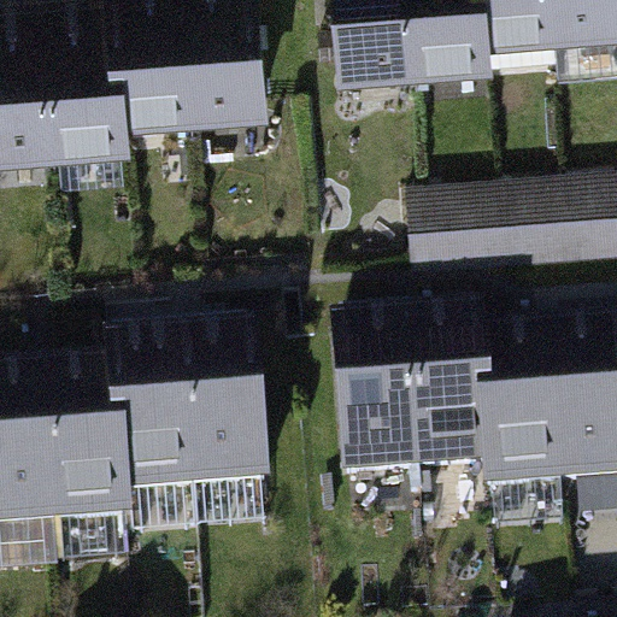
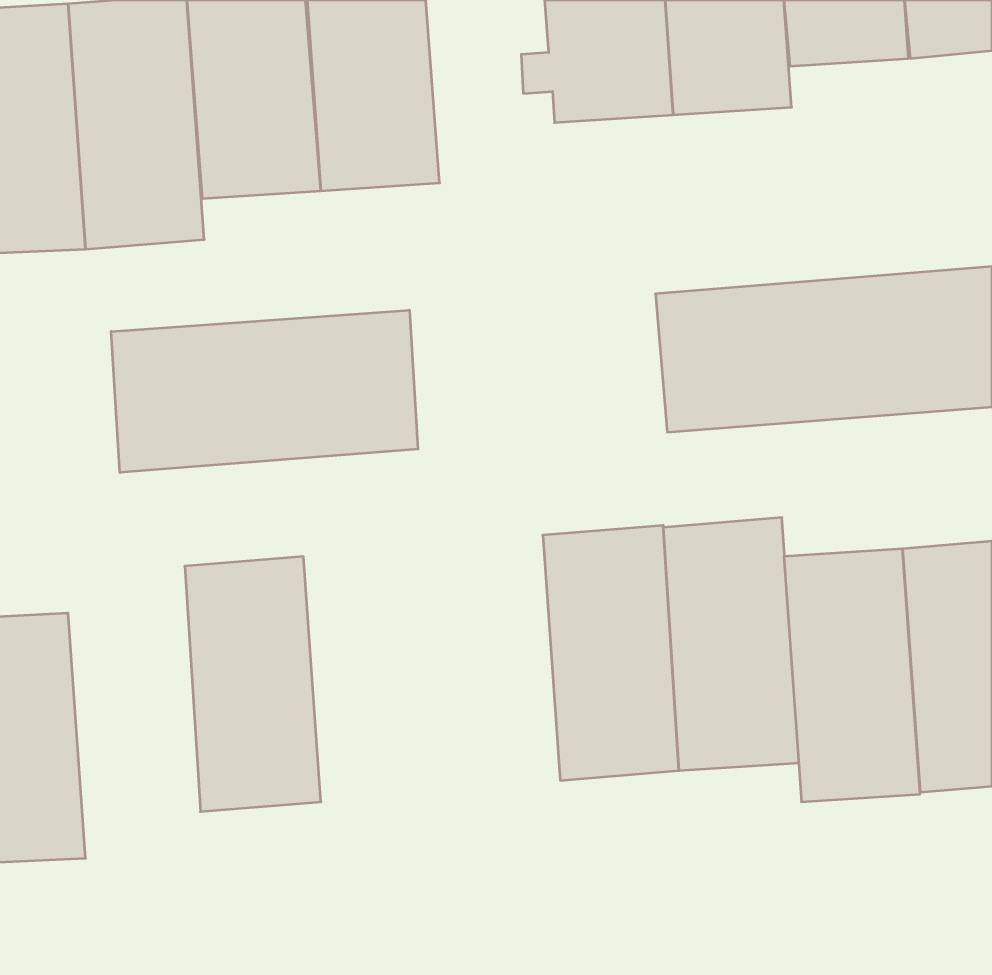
building: none -> [111,310,418,473]
building: [188,352,272,509] -> none
building: [42,387,127,543] -> none

